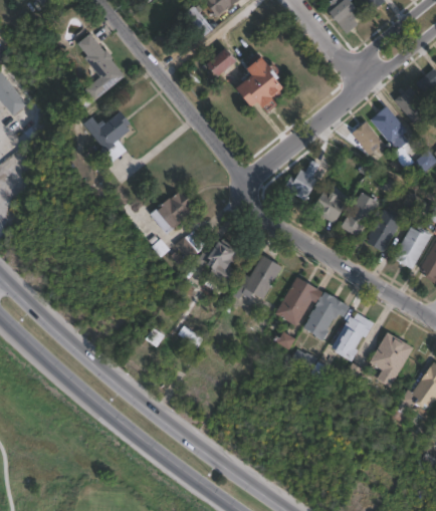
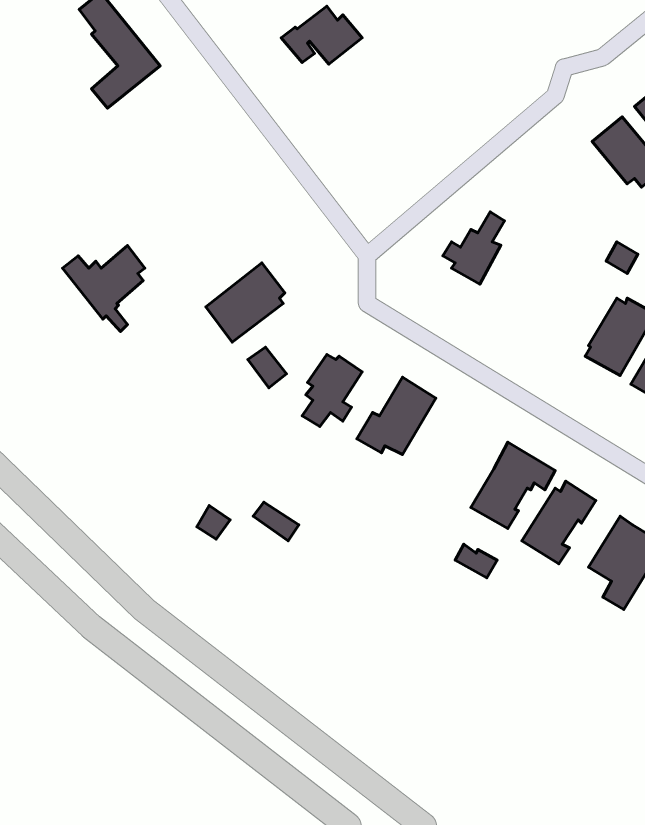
building: [240,55,290,107] -> none
building: [82,110,130,160] -> [62,245,145,332]
building: [353,121,387,159] -> none
building: [309,183,351,225] -> none
building: [342,191,380,238] -> none
building: [275,276,321,325] -> none

